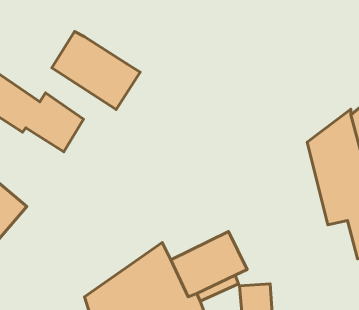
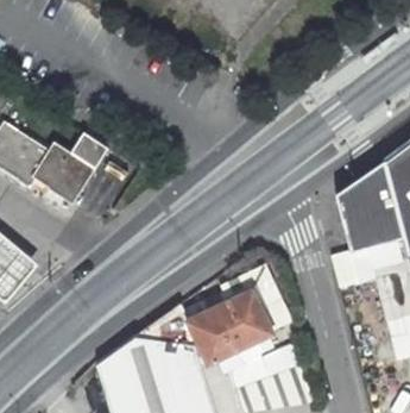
building: [52,31,140,110] -> none

